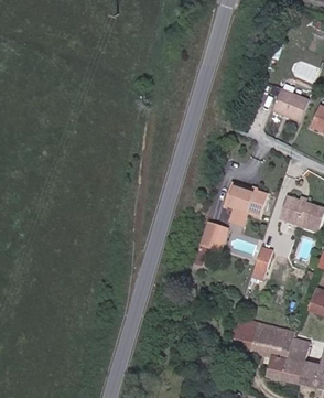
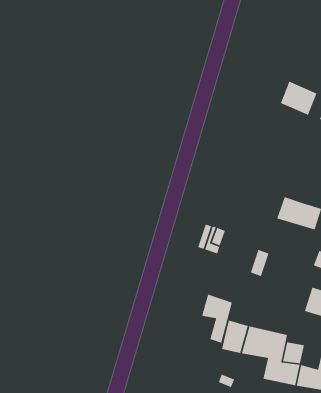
building: [225,185,267,227] -> none
building: none -> [201,294,233,344]

